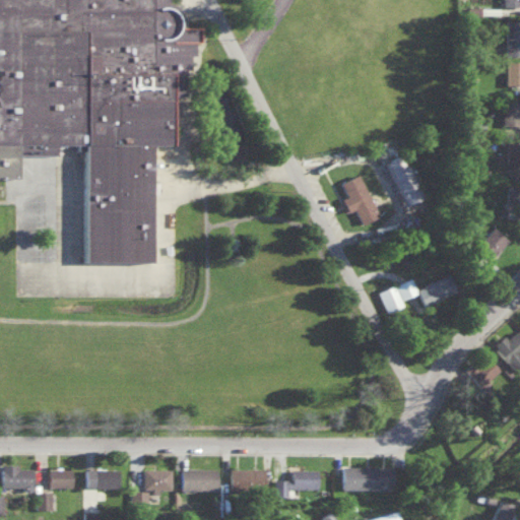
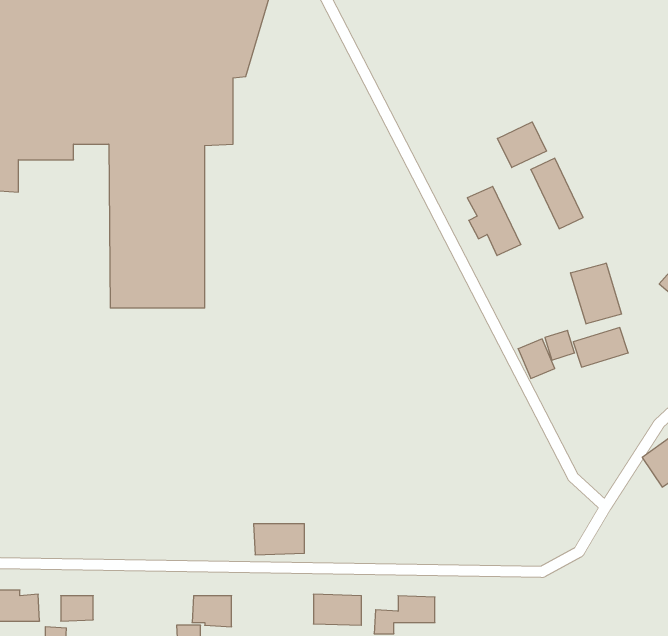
building: none -> [497,122,547,168]
building: none -> [571,263,622,324]
building: [343,467,395,491] -> none
building: [182,469,218,492] -> [254,524,304,555]
building: [87,470,120,489] -> none

